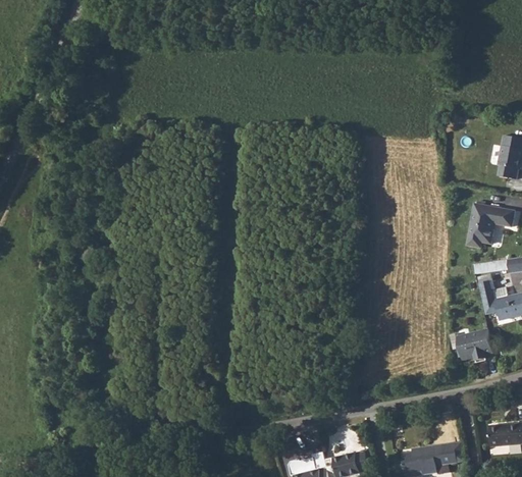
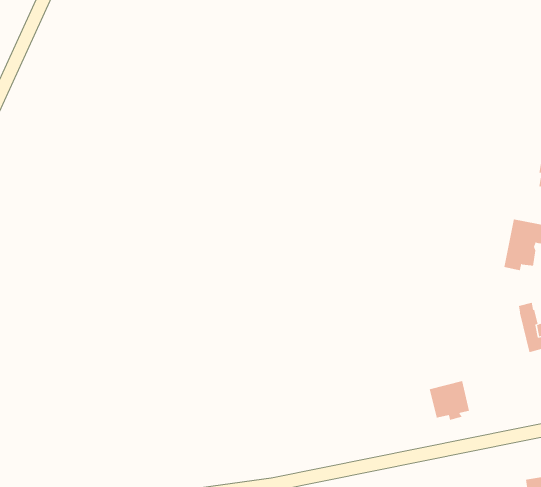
building: [459,329,493,363] -> [429,381,470,420]

